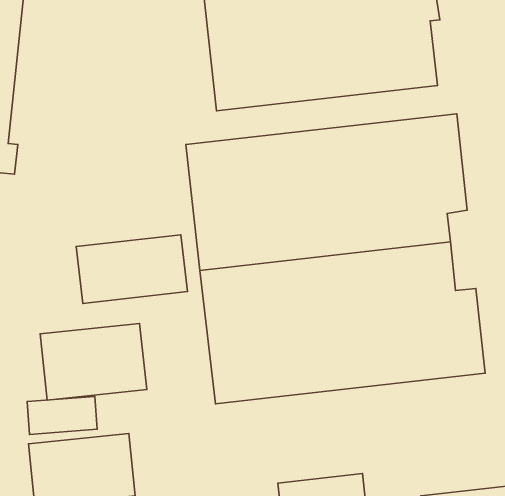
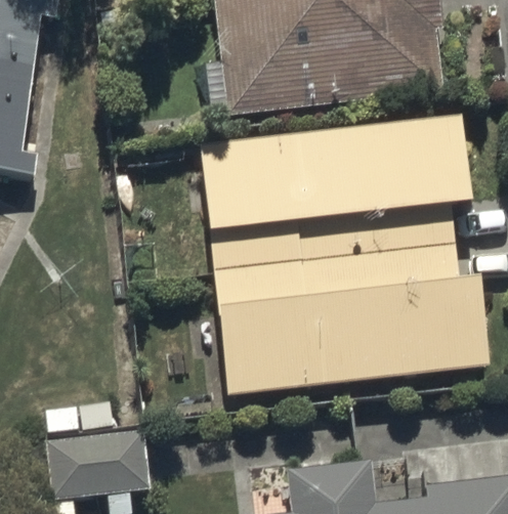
building: [76,235,187,303] -> none
building: [40,323,147,400] -> none

